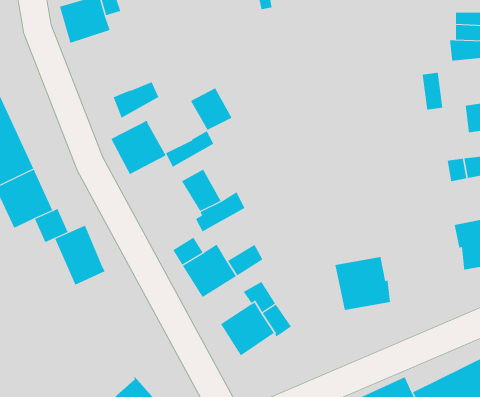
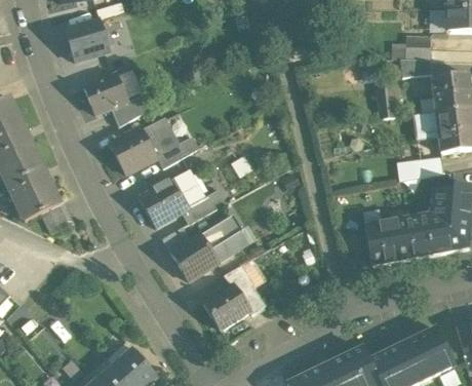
building: none -> [84,76,127,115]
building: [190,88,233,131] -> [142,119,179,156]
building: none -> [137,179,187,228]
building: none -> [201,215,241,248]
building: [55,225,106,285] -> none
building: [335,257,391,310] -> [364,218,412,264]

